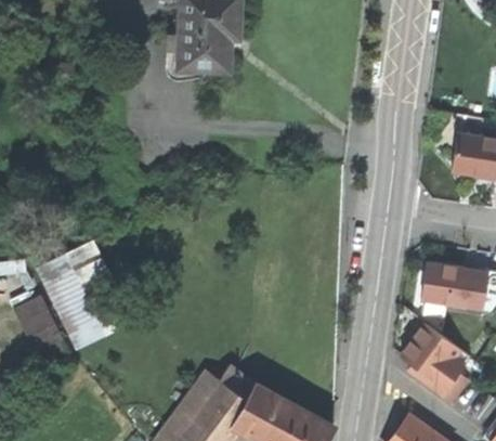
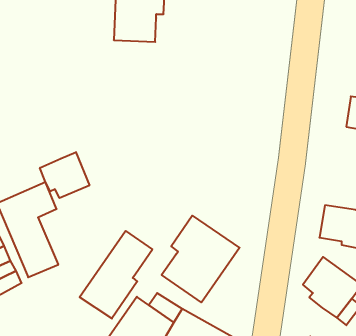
building: none -> [40,152,89,198]
building: none -> [162,216,240,302]
building: none -> [80,231,152,319]

